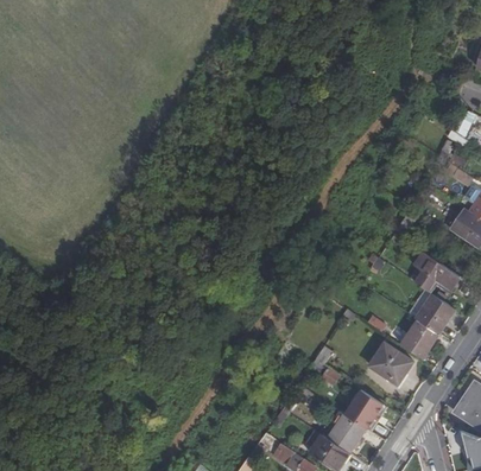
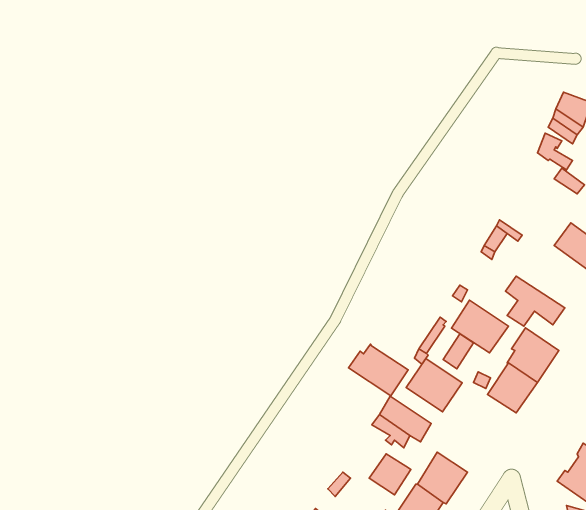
building: none -> [451,300,509,353]
building: none -> [348,344,408,396]
building: [368,343,412,384] -> [406,359,462,412]
building: none -> [369,454,411,495]

